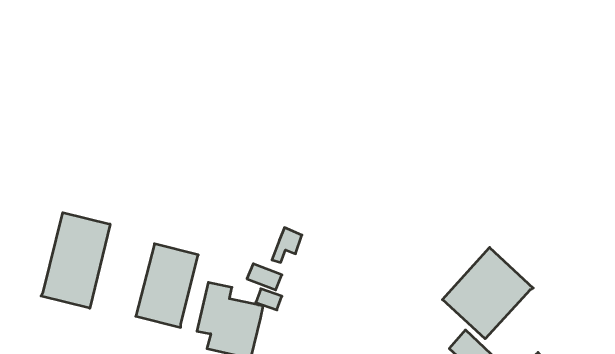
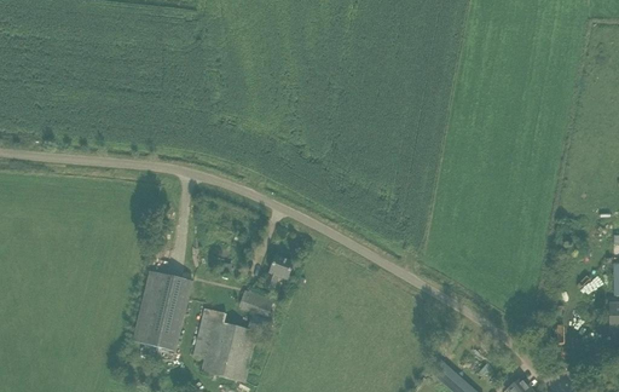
building: [41,213,110,308] -> none
building: [442,247,533,339] -> none

